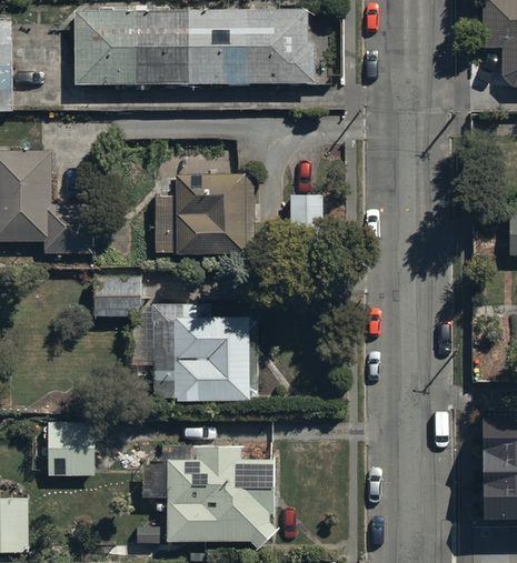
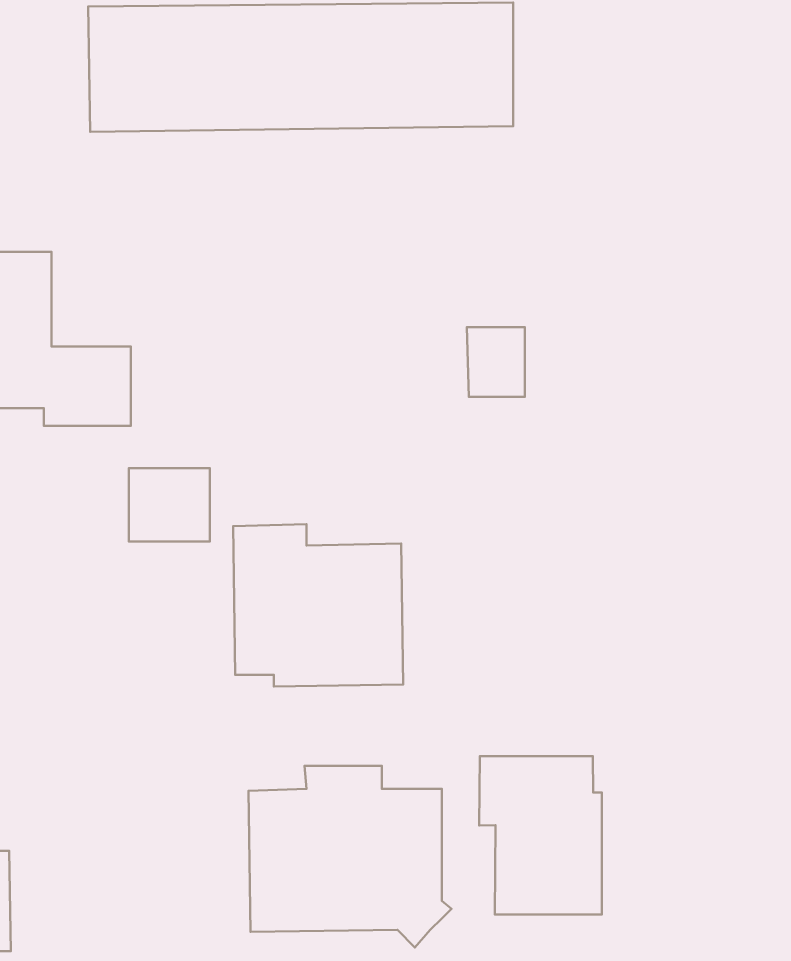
building: [155,178,252,258] -> none
building: [48,432,95,477] -> none
building: none -> [479,756,602,915]

